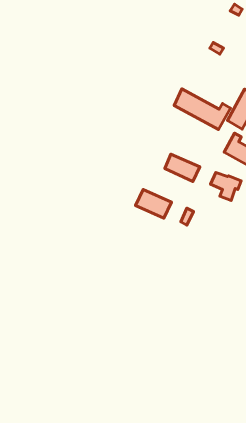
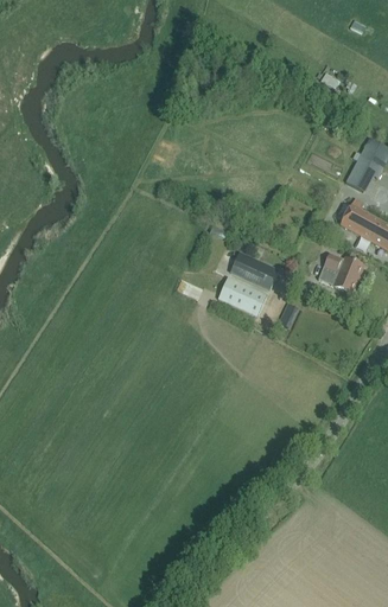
building: [174,89,230,129] -> none
building: [165,154,200,181] -> [230,250,279,288]

